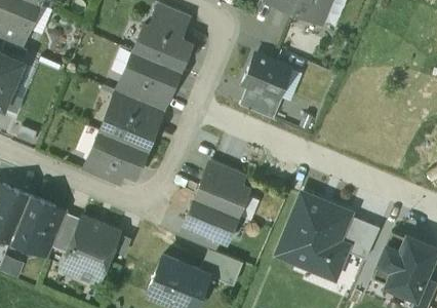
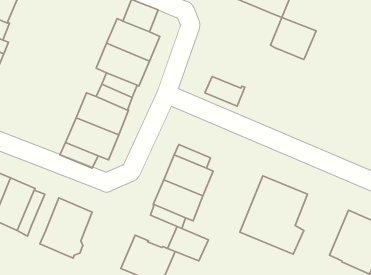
building: [242,54,291,100] -> [270,17,316,59]
building: [52,214,81,254] -> none
building: [336,214,381,259] -> none

